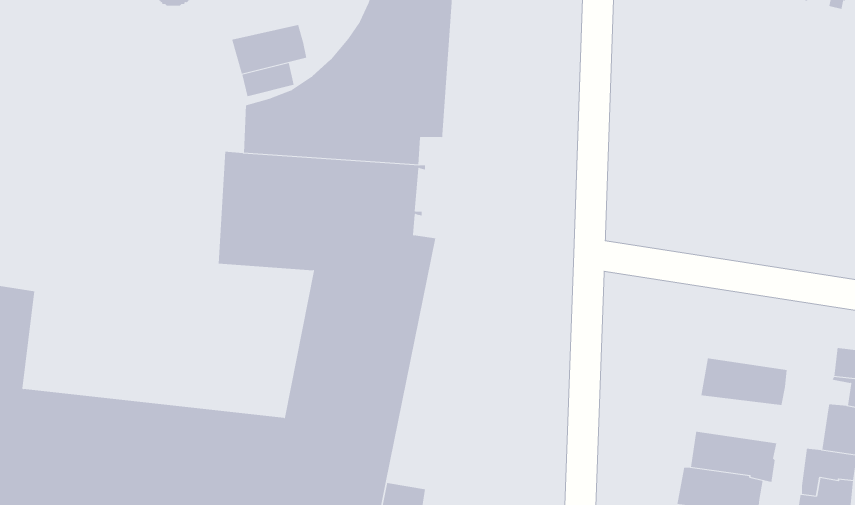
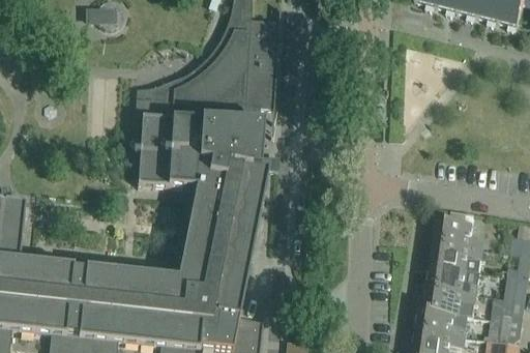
building: [231,24,307,75] -> none
building: none -> [435,208,485,247]
building: none -> [428,263,480,292]

